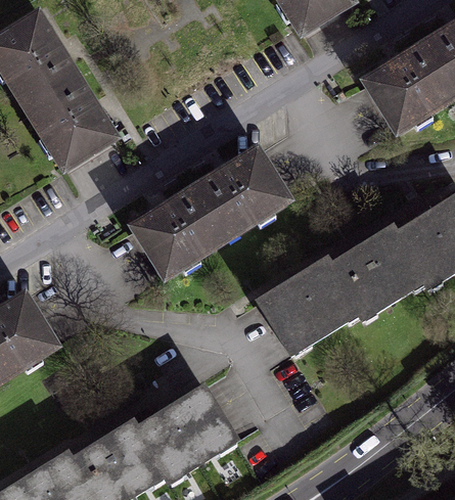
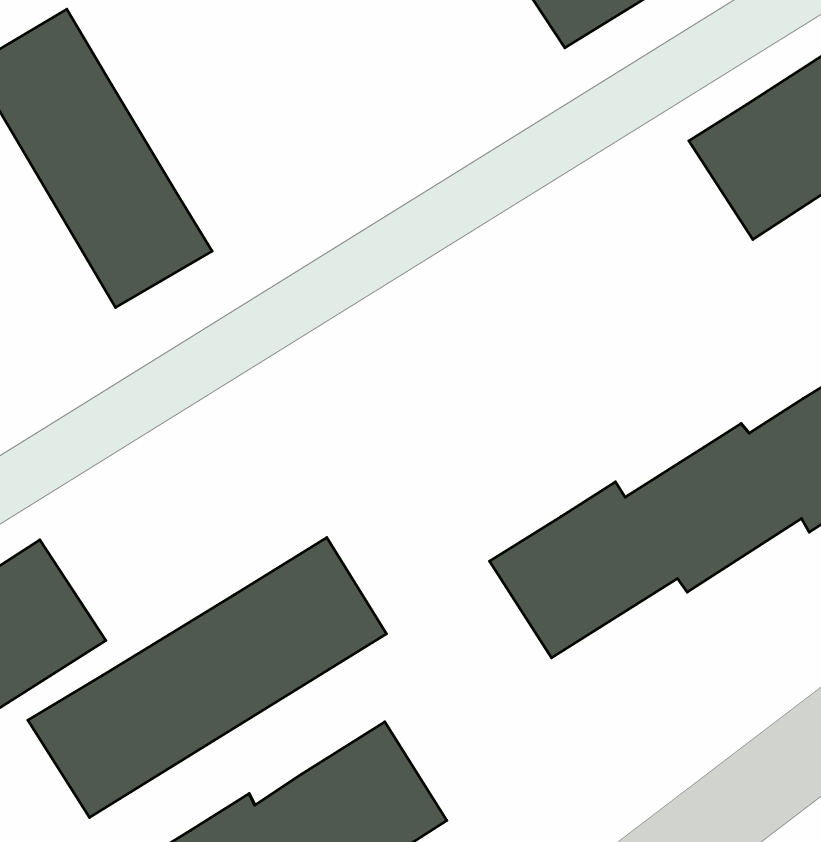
building: [131,147,288,276] -> none
building: none -> [28,537,387,818]

